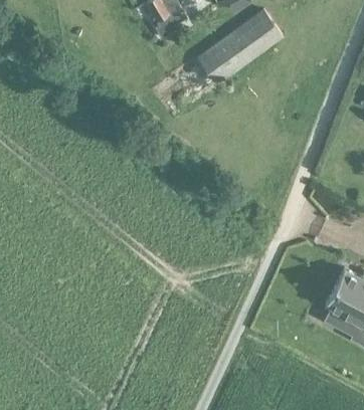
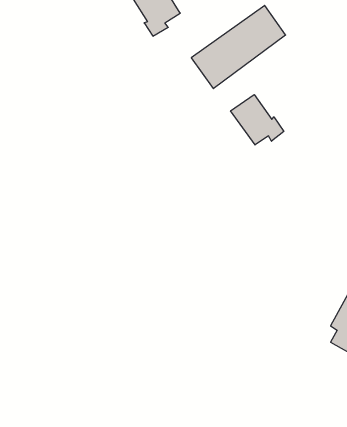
building: none -> [231,95,284,145]

